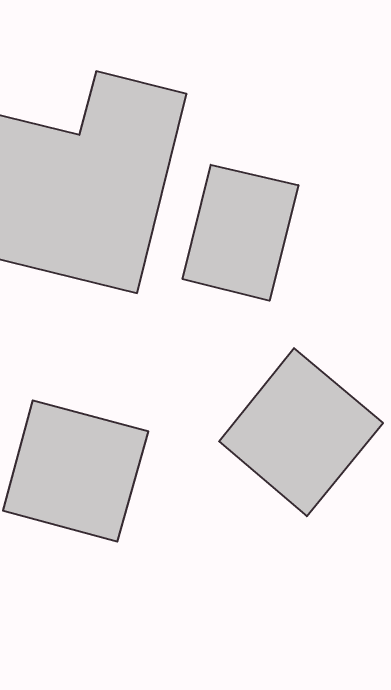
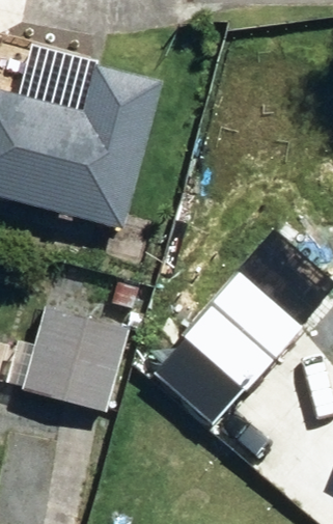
building: [183,165,298,301] -> none

